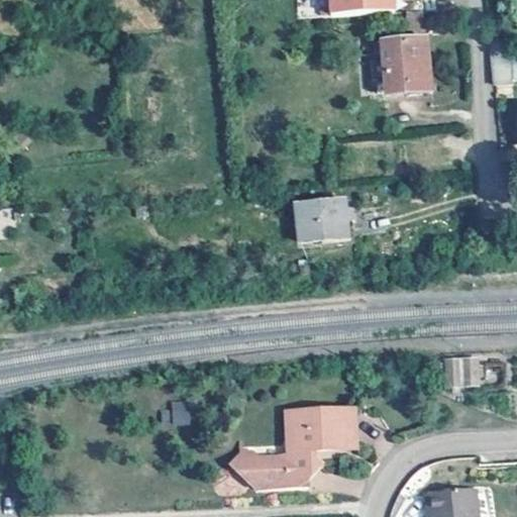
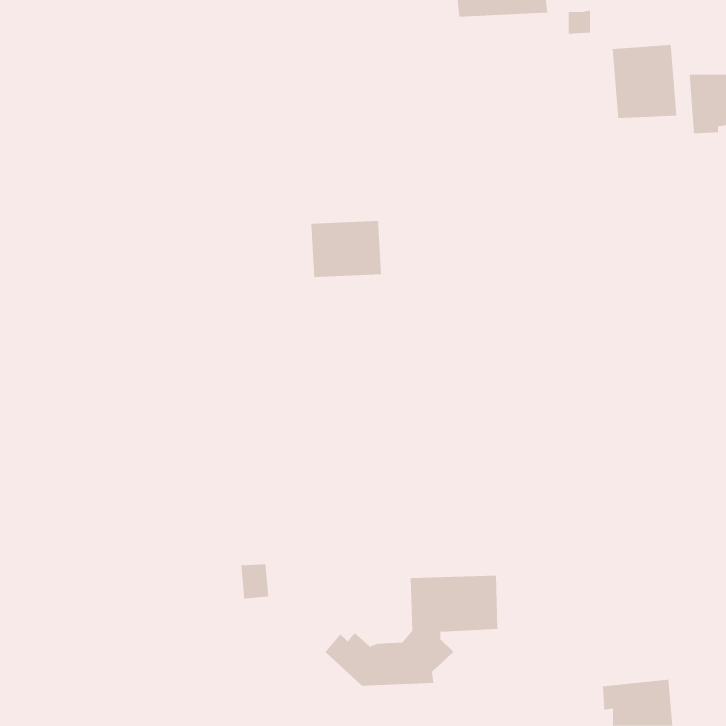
building: [381,38,427,91] -> [612,45,677,119]
building: [294,200,344,240] -> [310,221,382,278]
building: [445,355,482,387] -> none

